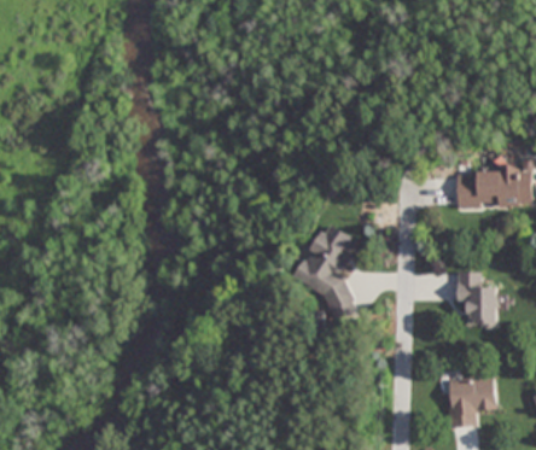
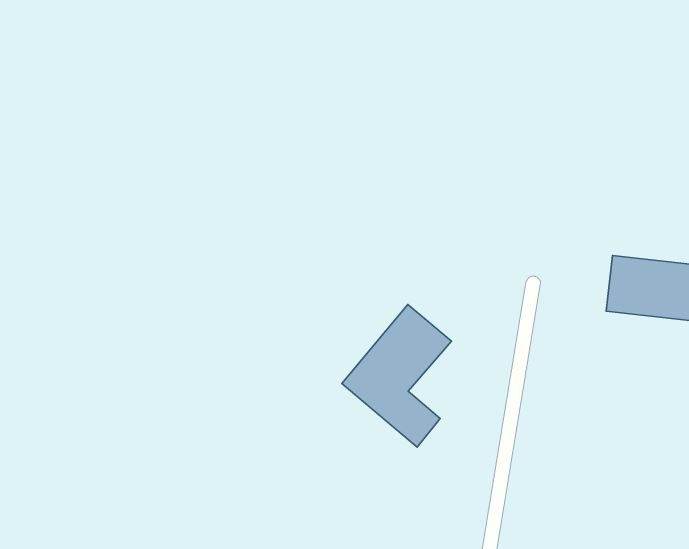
building: [456,274,495,326] -> none

